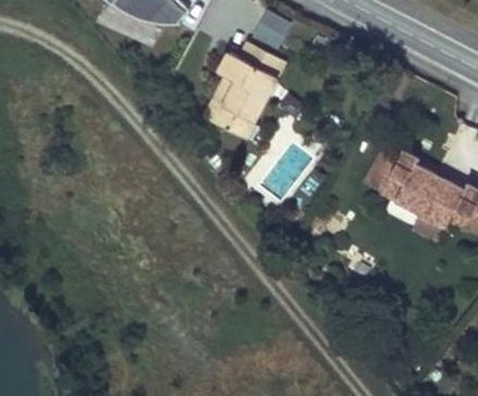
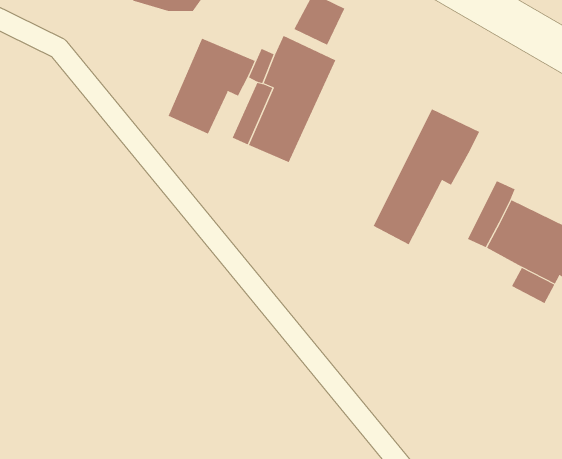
building: none -> [168,38,255,135]
building: none -> [373,108,480,245]

